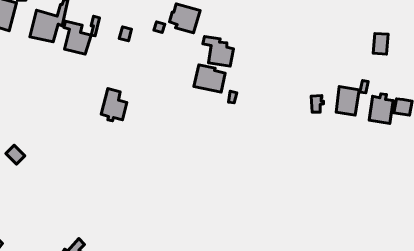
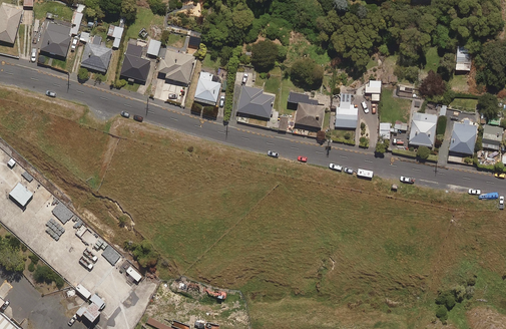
building: [170,4,200,33] -> [158,47,195,82]
building: [203,36,233,66] -> [288,90,325,126]
building: none -> [193,70,220,104]
building: none -> [335,101,357,128]
building: [101,88,127,121] -> [119,42,150,81]

